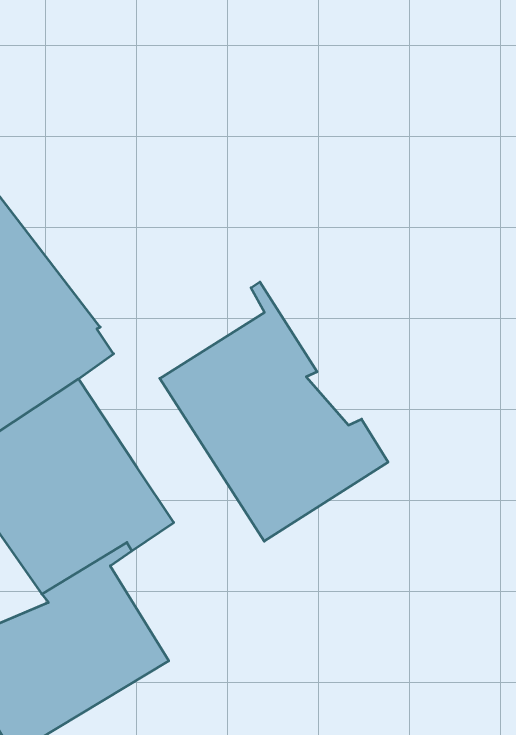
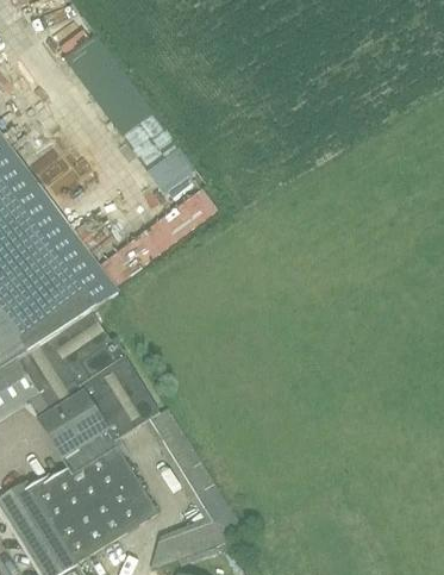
building: [160,282,388,541] -> none

